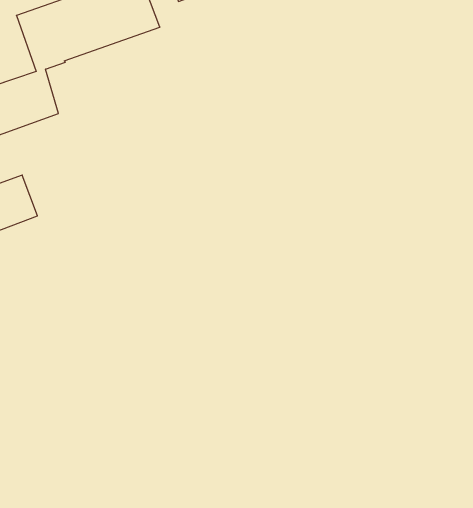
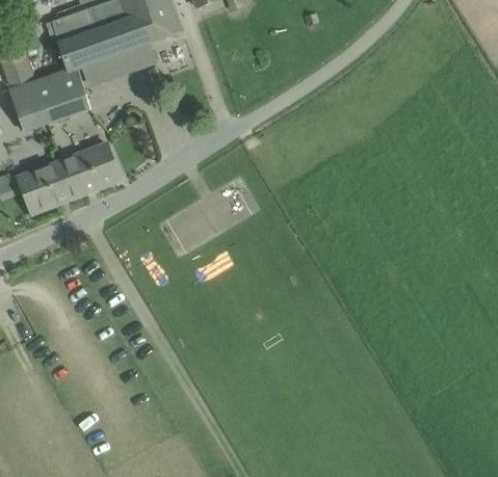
building: none -> [56,142,122,198]

